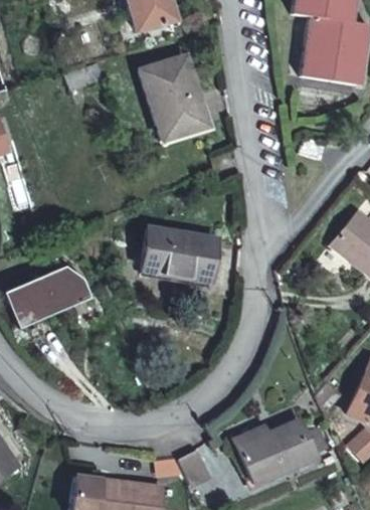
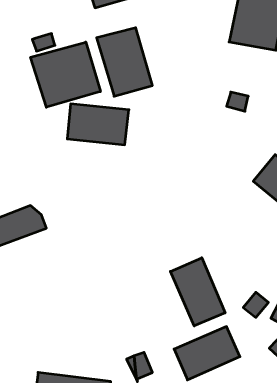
building: none -> [31,42,100,107]
building: [146,226,220,276] -> [67,104,129,145]
building: none -> [170,258,225,326]

